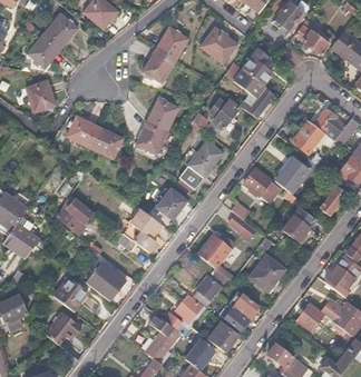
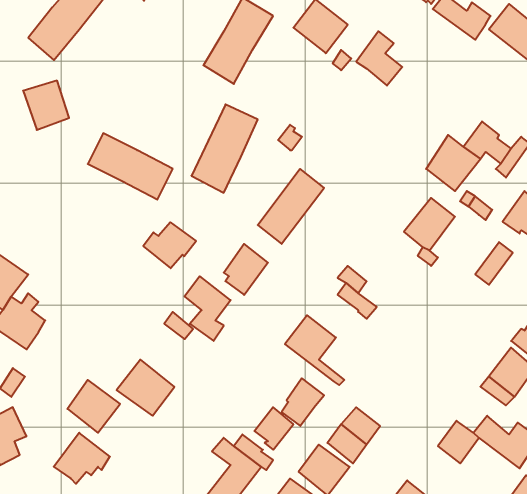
building: [242,72,274,117] -> none
building: [209,98,238,127] -> none
building: [243,167,280,201] -> none
building: [57,199,91,229] -> [143,222,196,268]
building: [283,206,315,240] -> none
building: [250,251,285,289] -> none

